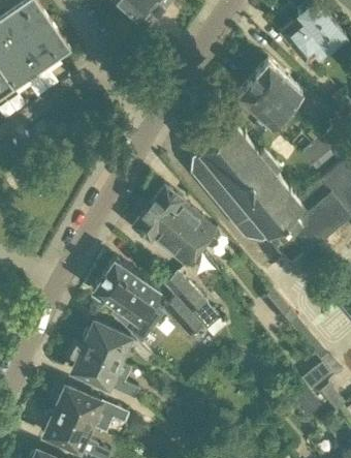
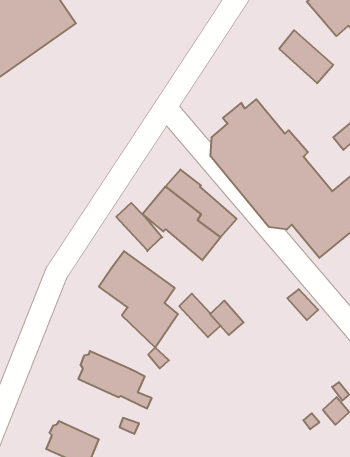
building: [237,75,288,125] -> none
building: [164,271,205,314] -> [116,203,162,251]
building: [83,323,132,364] -> none
building: [55,386,103,427] -> none

